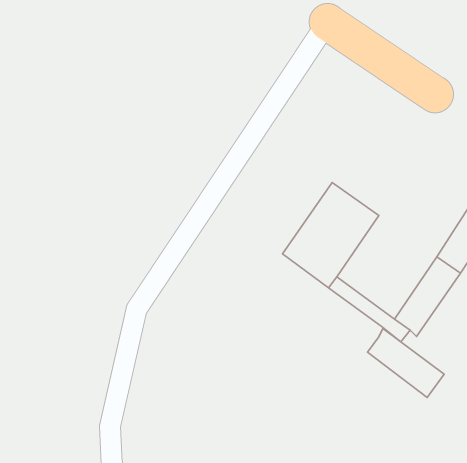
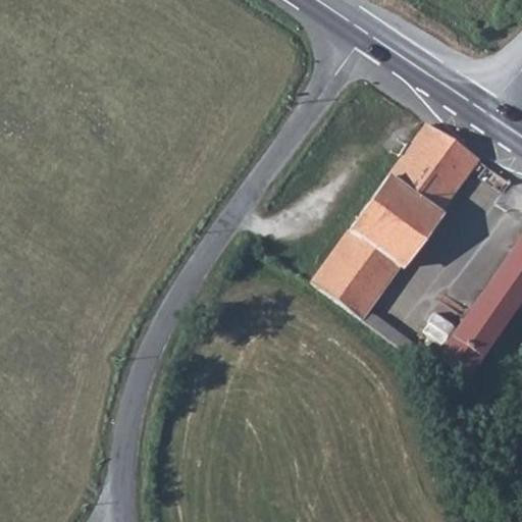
building: none -> [371,120,480,240]
building: [368,329,444,397] -> none

